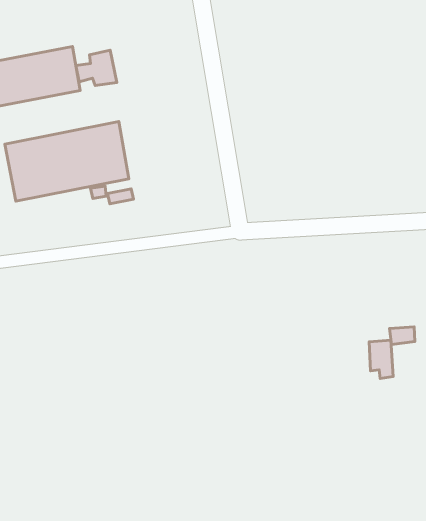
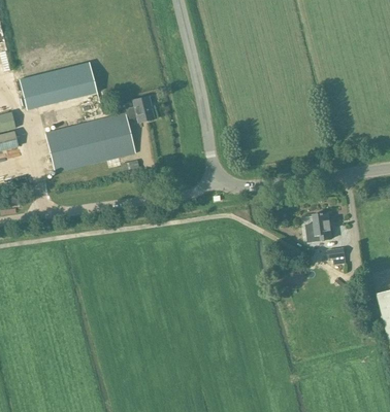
building: [76,50,117,86] -> [125,96,155,122]
building: [369,340,393,379] -> [314,212,332,240]

